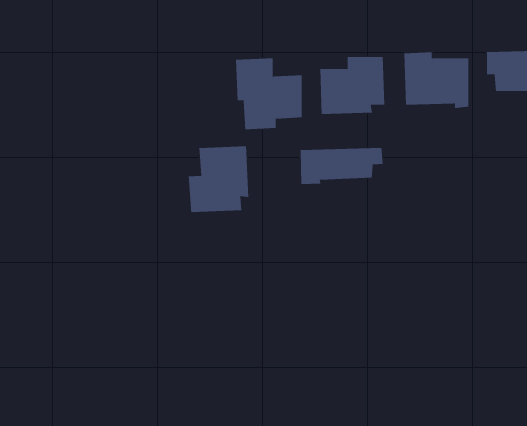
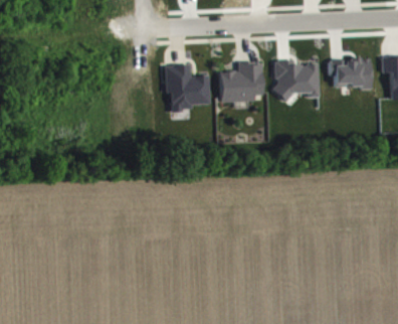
building: [188,146,249,213] -> none
building: [300,147,383,185] -> none

